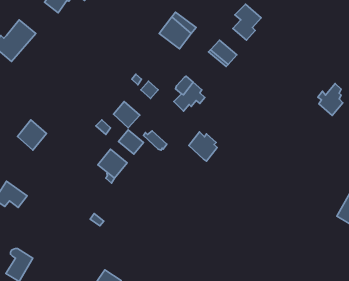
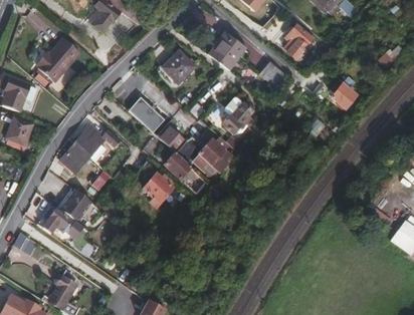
building: none -> [163,50,196,85]
building: none -> [129,95,166,132]
building: [318,83,343,116] -> [330,75,356,108]
building: none -> [74,125,120,156]
building: [189,132,217,161] -> [200,139,229,170]
building: none -> [58,188,91,222]

